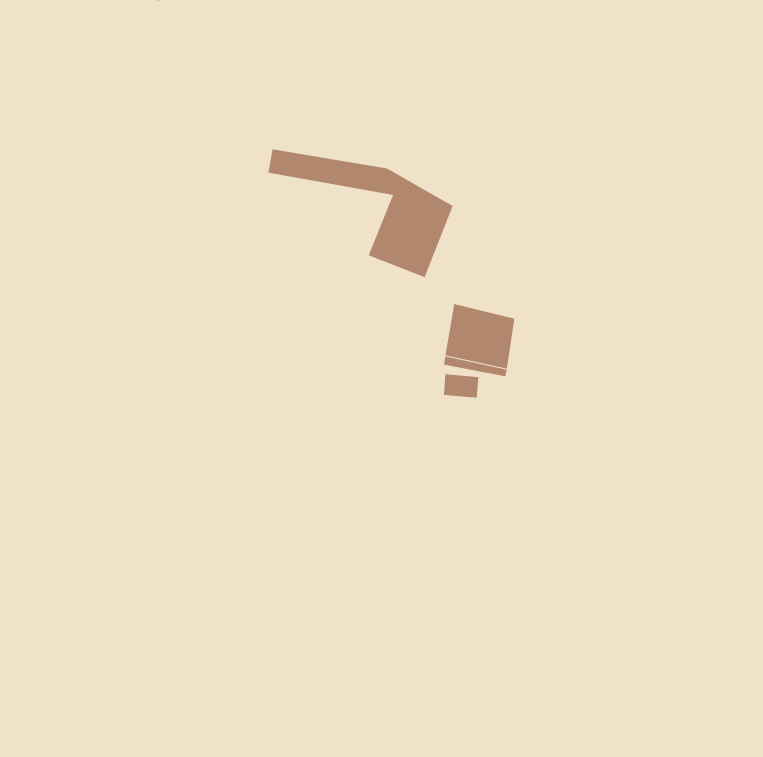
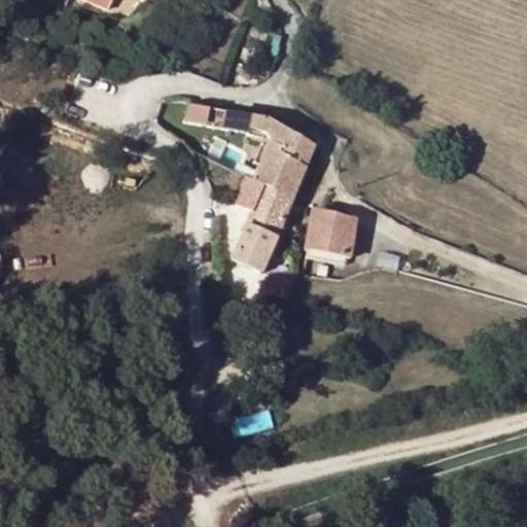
building: none -> [234,173,294,268]

